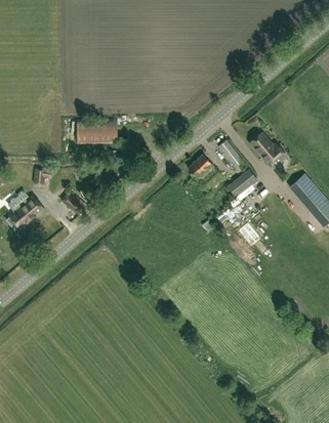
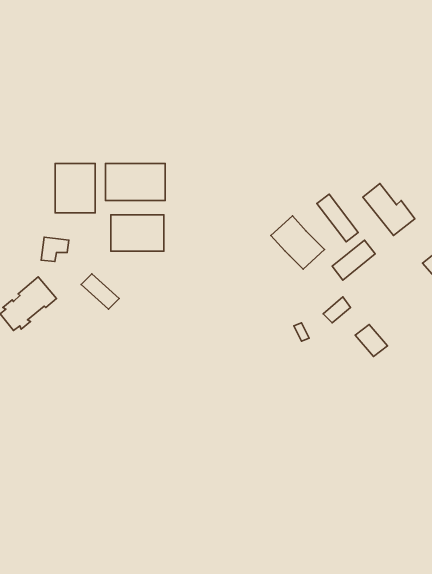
building: none -> [55,163,95,213]
building: none -> [111,215,164,251]

